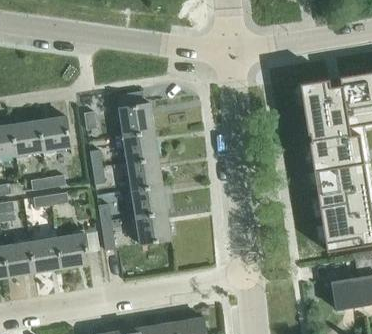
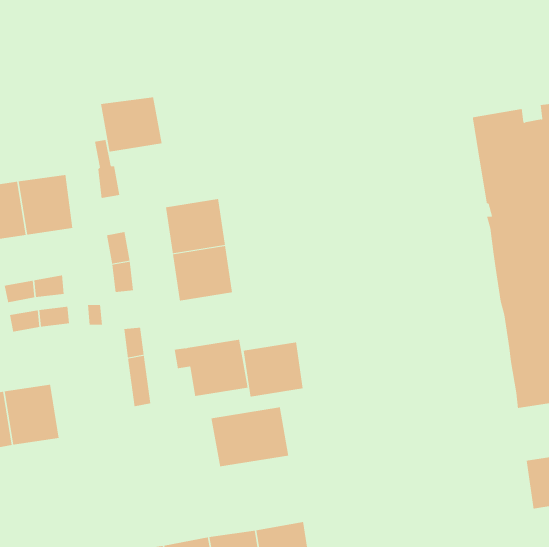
building: [118,104,154,136] -> [100,97,162,152]
building: [131,185,166,217] -> [243,342,304,397]
building: [57,233,89,269] -> none
building: none -> [211,407,289,467]

